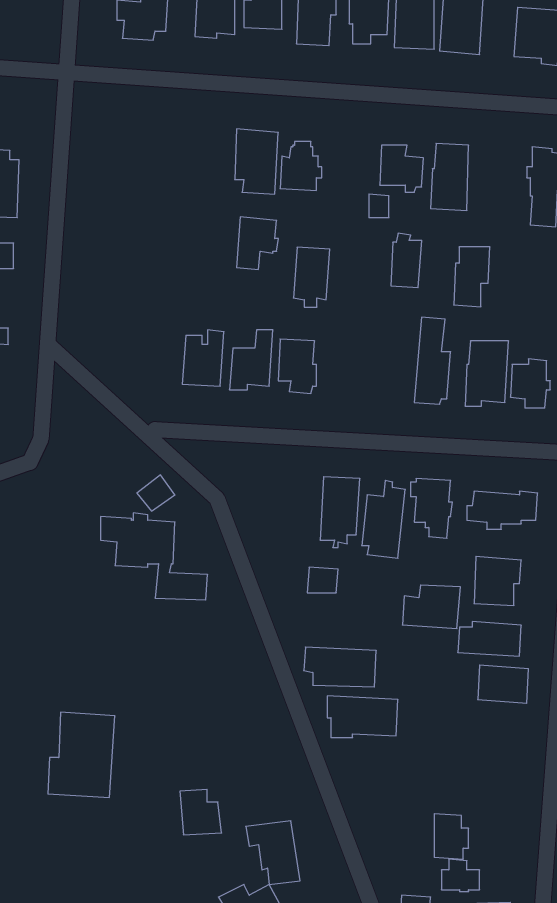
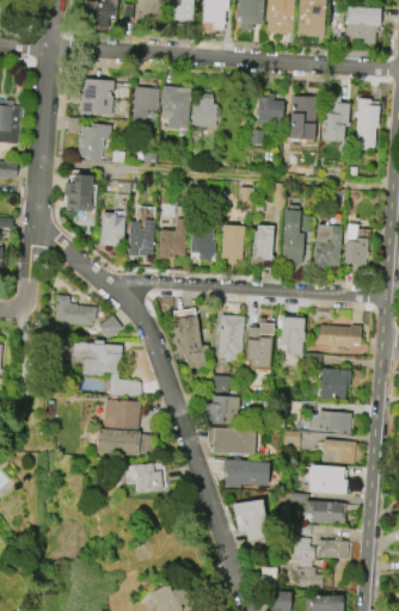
building: none -> [80,79,113,116]
building: none -> [76,123,111,161]
building: [237,217,278,269] -> [133,87,160,122]
building: [391,233,422,288] -> [252,224,272,260]
building: [454,247,490,307] -> [325,103,349,142]
building: [293,247,330,307] -> [220,224,244,264]
building: none -> [63,174,92,211]
building: none -> [99,212,124,246]
building: none -> [55,296,96,325]
building: none -> [173,316,207,369]
building: [402,585,460,629] -> [201,395,239,424]
building: none -> [308,464,346,494]
building: [48,712,115,797] -> [97,399,141,455]
building: none -> [305,500,345,524]
building: [180,789,222,835] -> [135,463,162,493]
building: none -> [318,539,348,558]
building: [246,821,300,884] -> [232,500,268,542]

